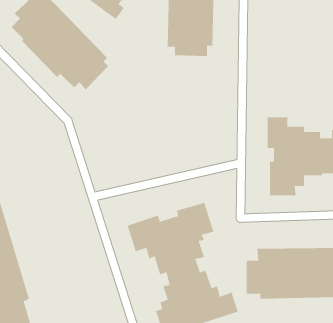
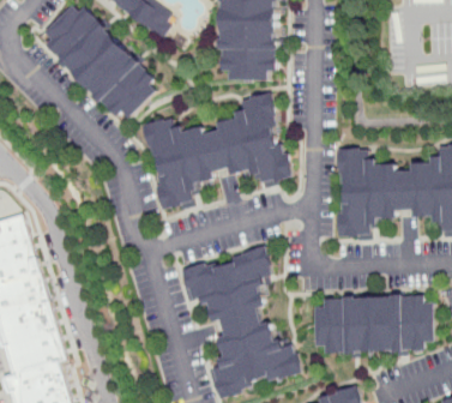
building: none -> [137,90,293,210]

